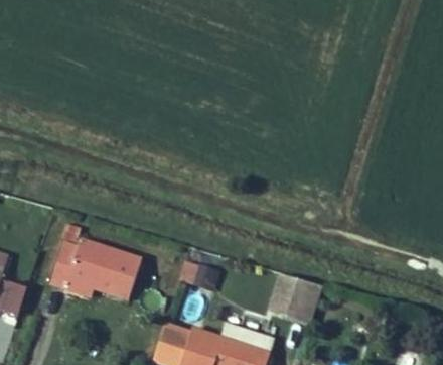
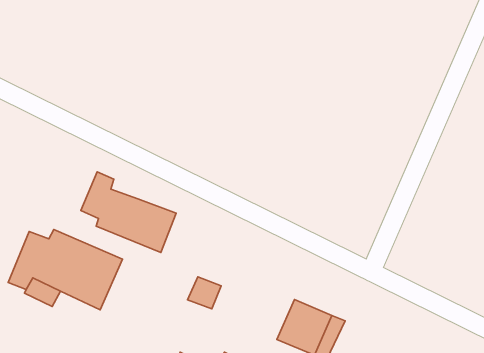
building: none -> [81,172,176,253]

